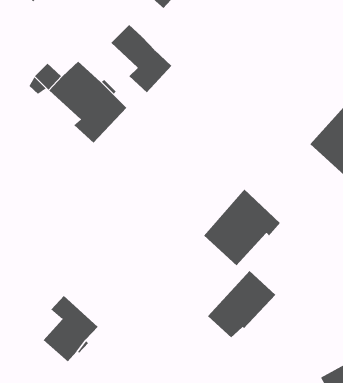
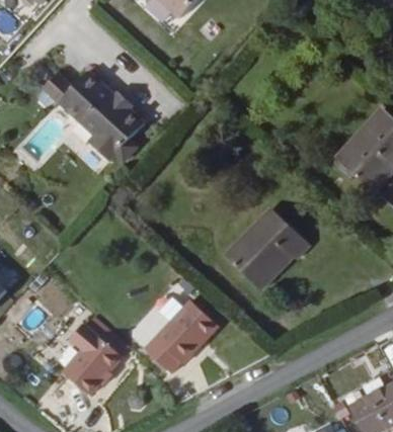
building: [111,24,172,93] -> none
building: [207,270,276,338] -> [144,301,217,373]

